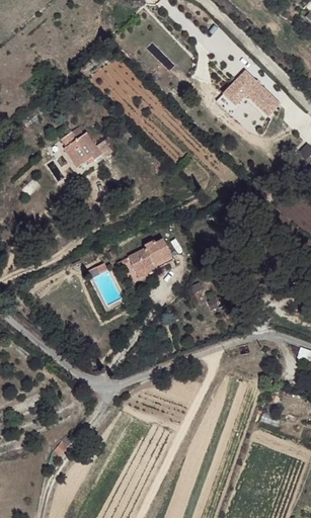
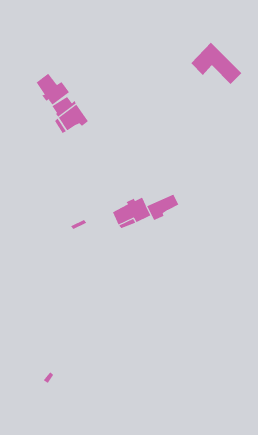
building: none -> [36,73,70,106]
building: none -> [147,194,179,221]

